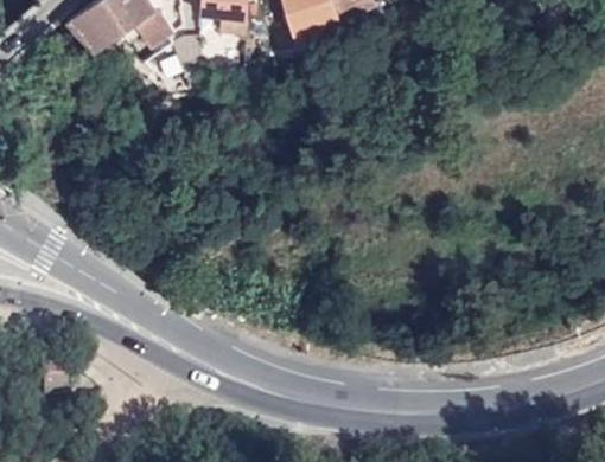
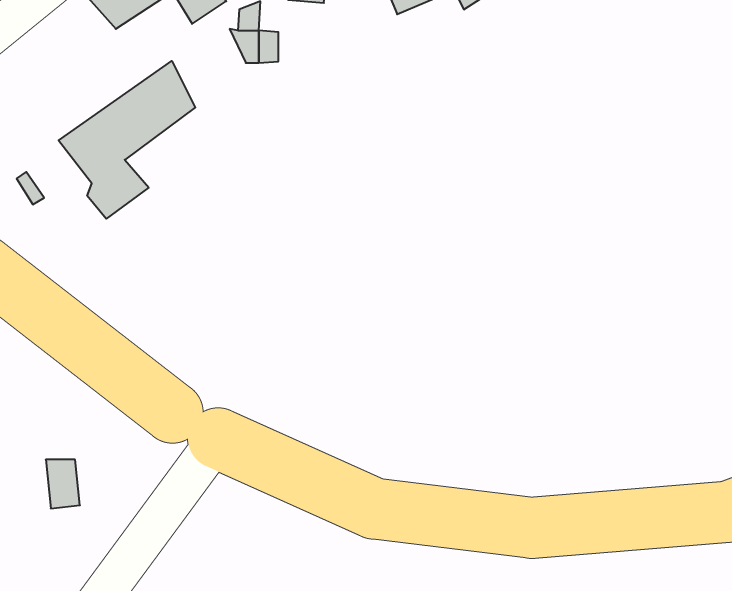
building: none -> [59,61,195,219]

